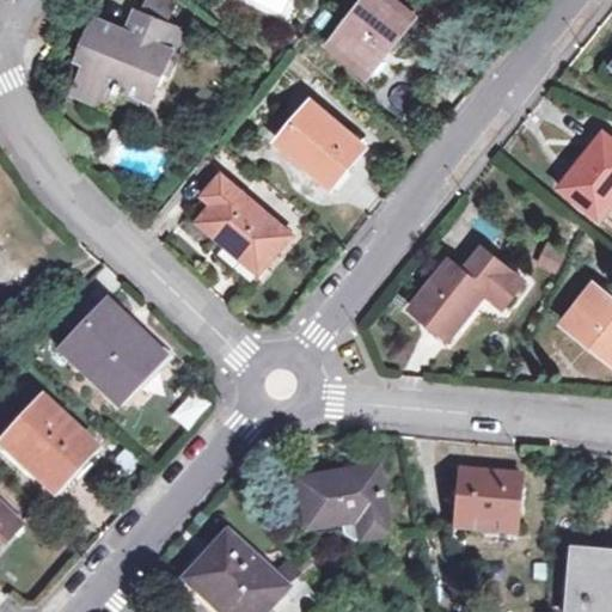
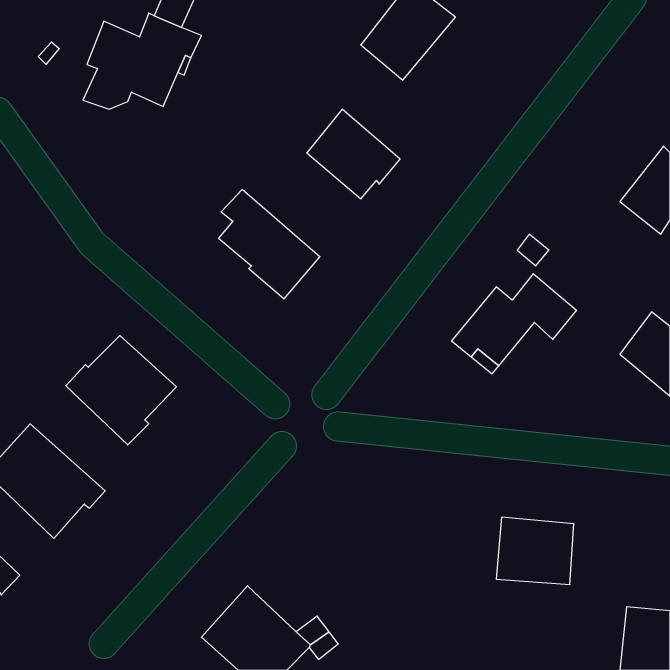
building: [295,465,387,539] -> none

